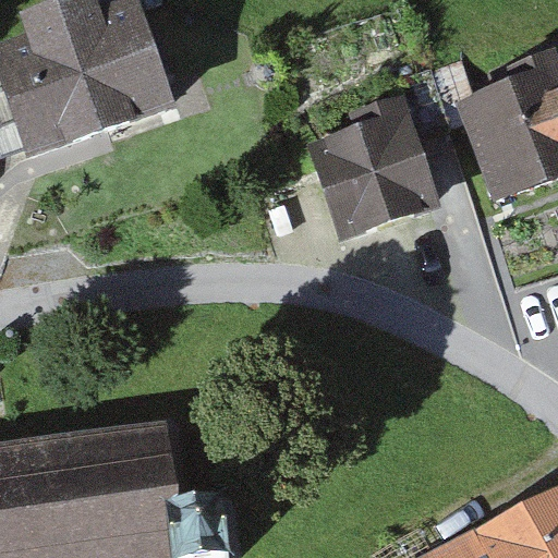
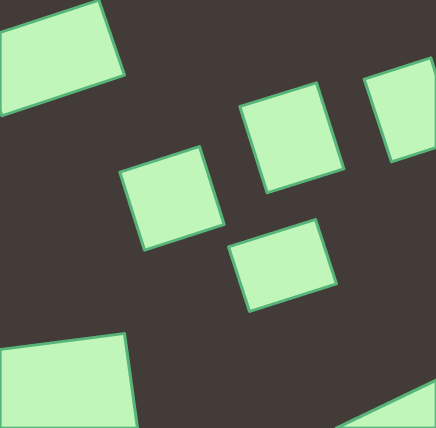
building: none -> [120,147,224,250]
building: none -> [229,219,336,311]

